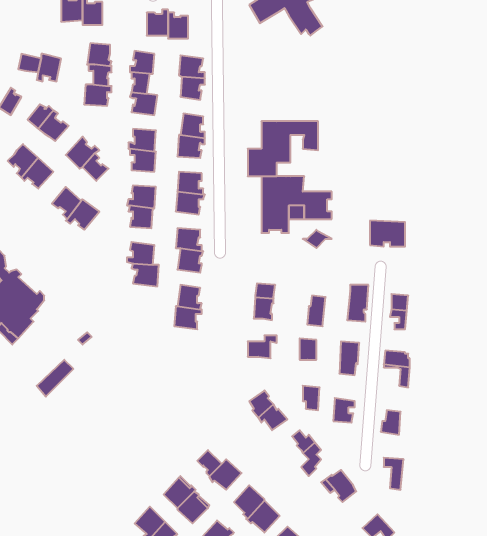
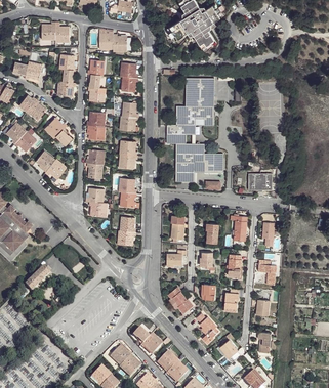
building: none -> [186,78,213,106]

